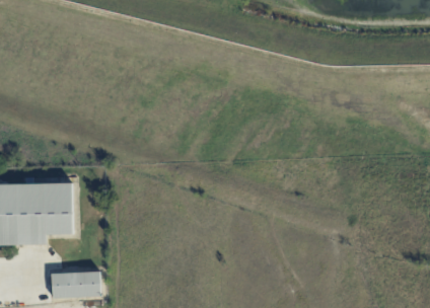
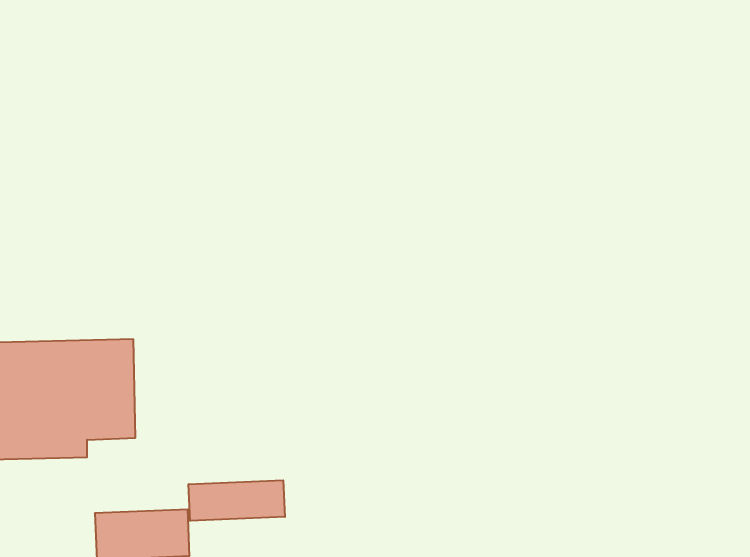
building: none -> [189,480,285,521]

